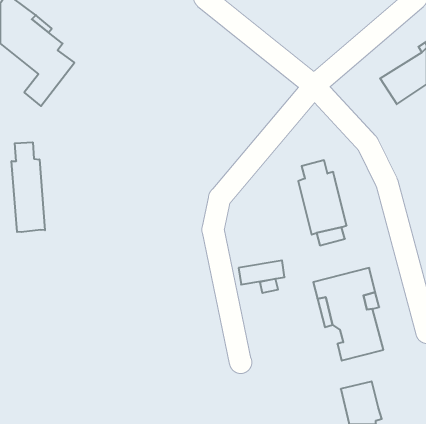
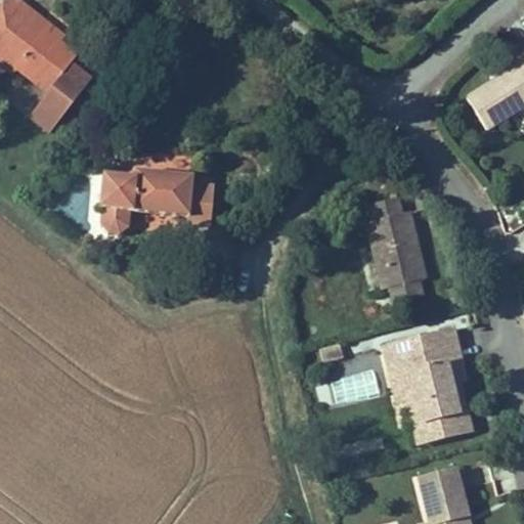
building: none -> [99,169,214,232]
building: [12,142,45,232] -> none
building: [239,260,285,285] -> [320,370,377,400]

